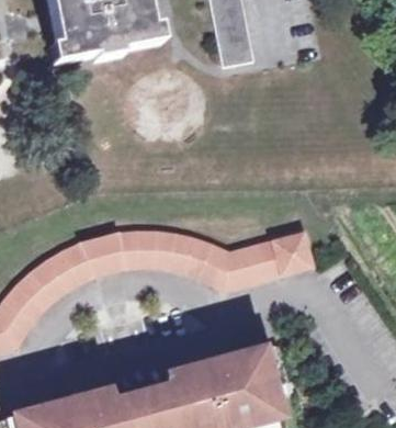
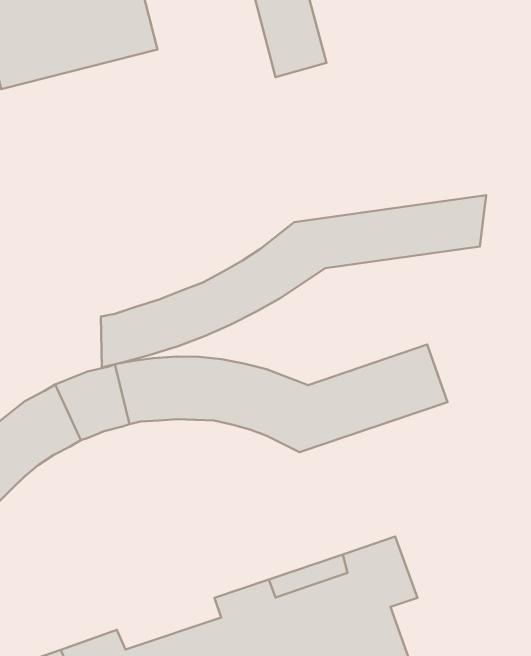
building: none -> [101,195,486,367]

